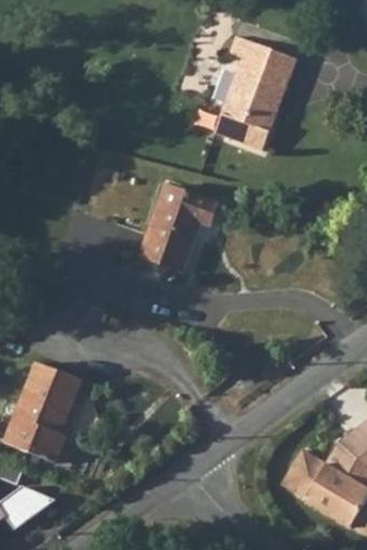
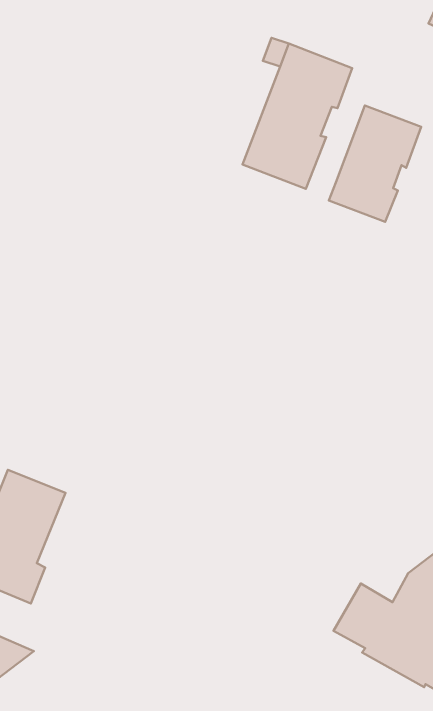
building: none -> [329,106,421,222]
building: [139,185,217,271] -> none

